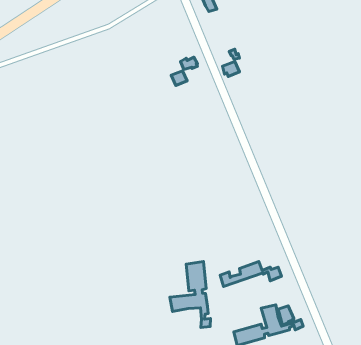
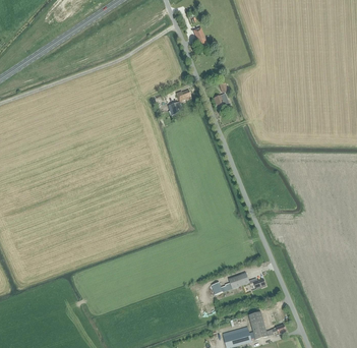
building: [170,262,211,327] -> none

